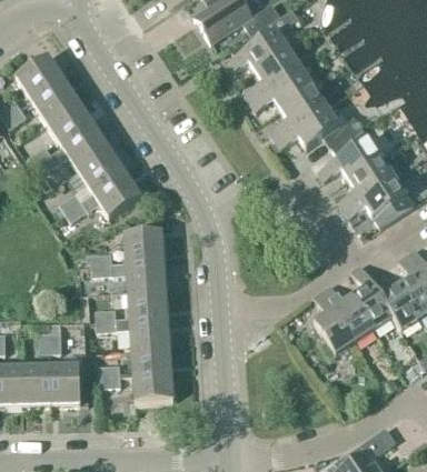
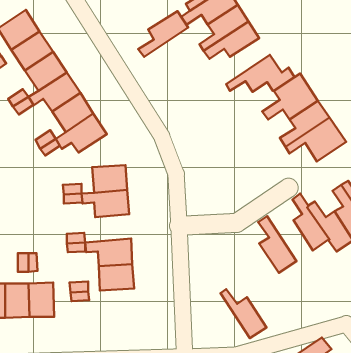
building: [270,87,327,139] -> [138,11,188,57]
building: [324,284,376,340] -> [220,289,266,338]
building: [128,287,169,318] -> none
building: [133,371,175,402] -> none

